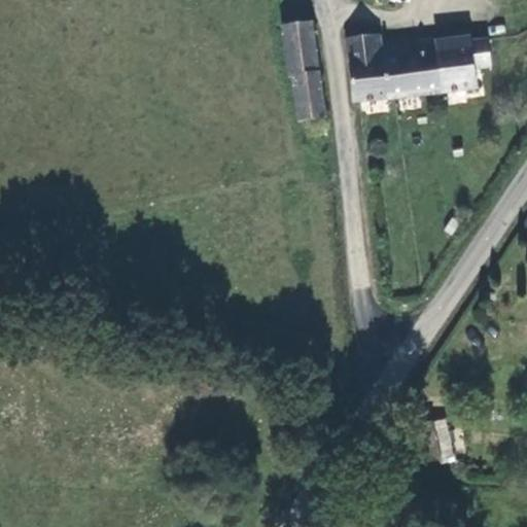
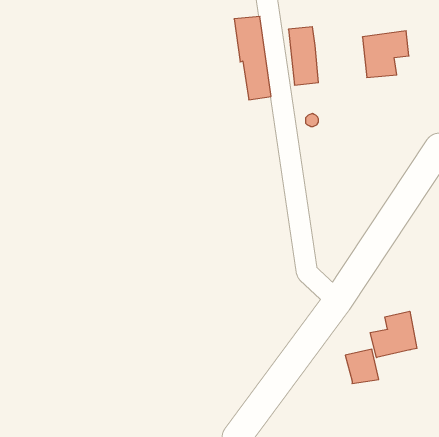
building: [377,38,438,99] -> none
building: none -> [370,311,417,358]

